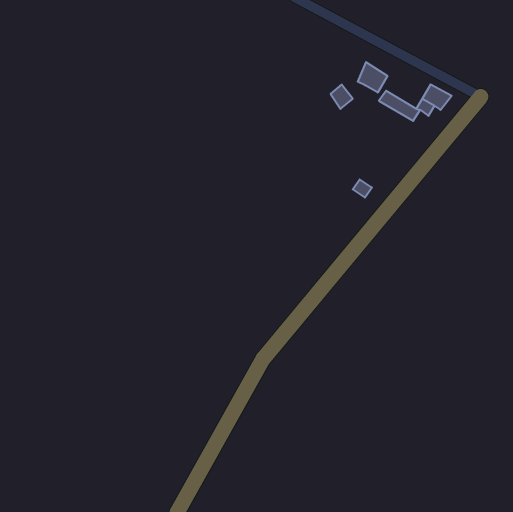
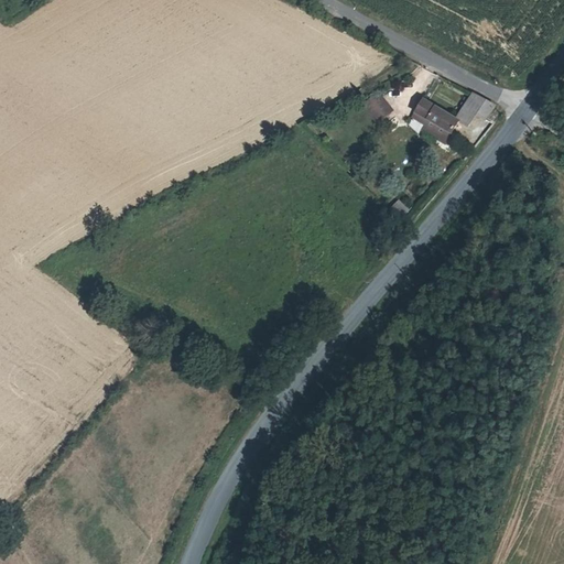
building: [358,62,387,93] -> none

